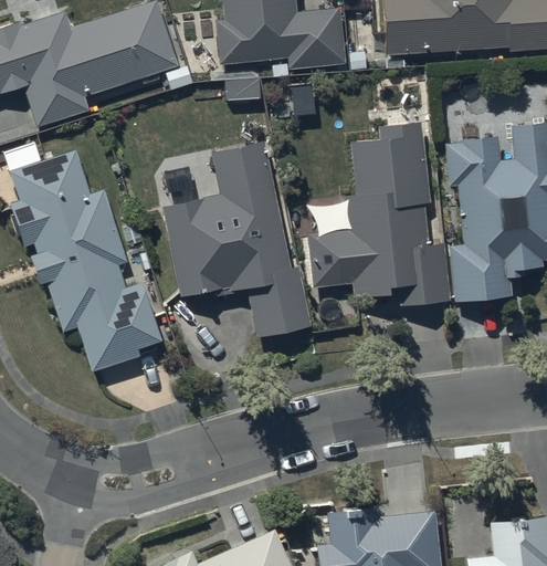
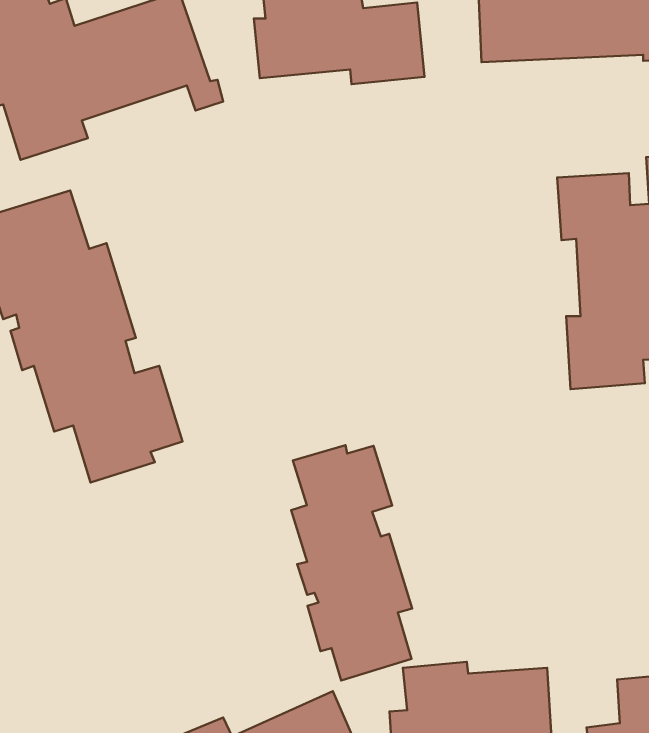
building: [311,122,449,305] -> none
building: [162,140,311,338] -> none
building: none -> [291,445,412,680]

